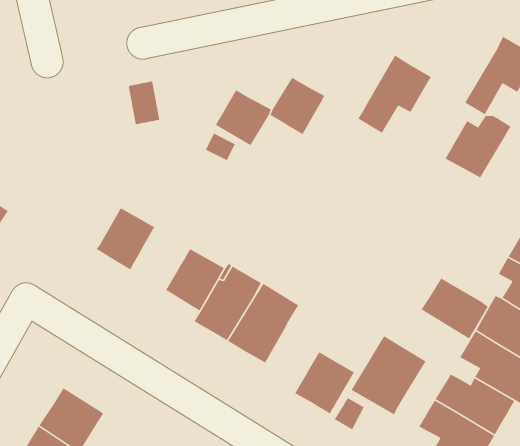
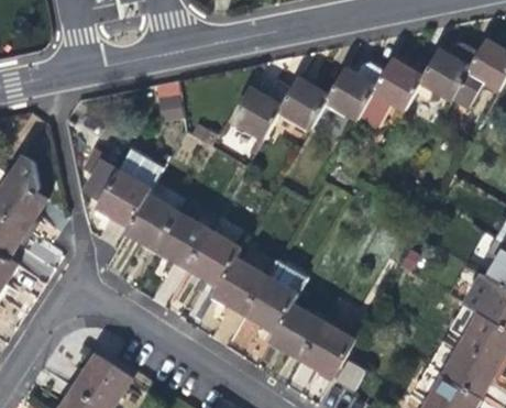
building: none -> [326,65,383,119]
building: [444,115,511,179] -> [420,45,480,101]
building: none -> [82,154,161,227]
building: none -> [156,211,209,267]
building: [421,278,489,340] -> none
building: none -> [271,304,323,359]
building: [350,335,427,415] -> none

